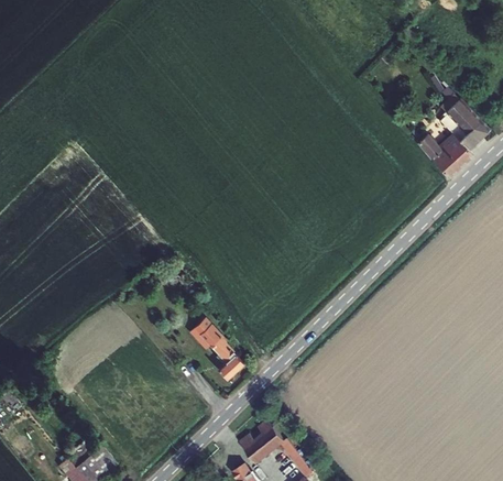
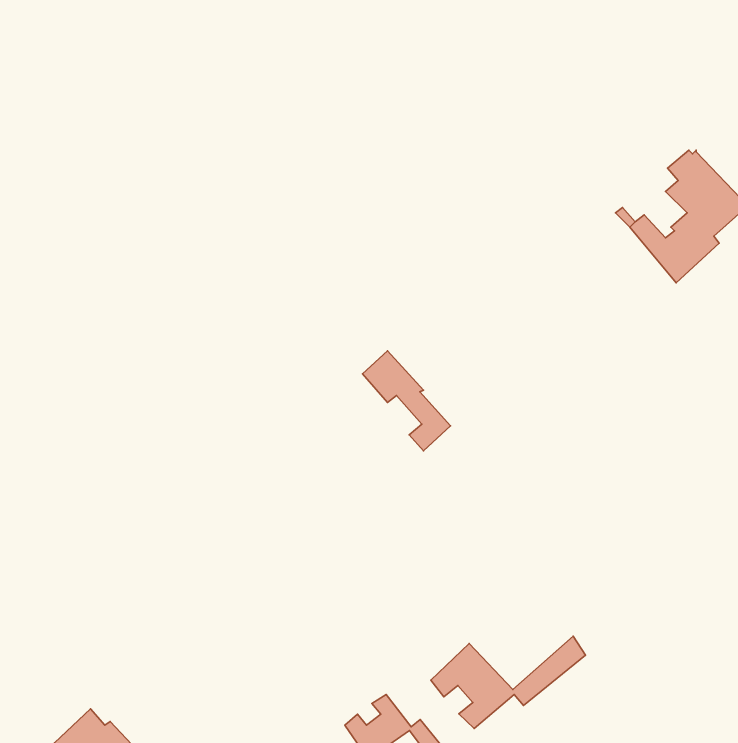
building: [189,317,243,379] -> [363,351,450,451]
building: none -> [431,636,585,728]

